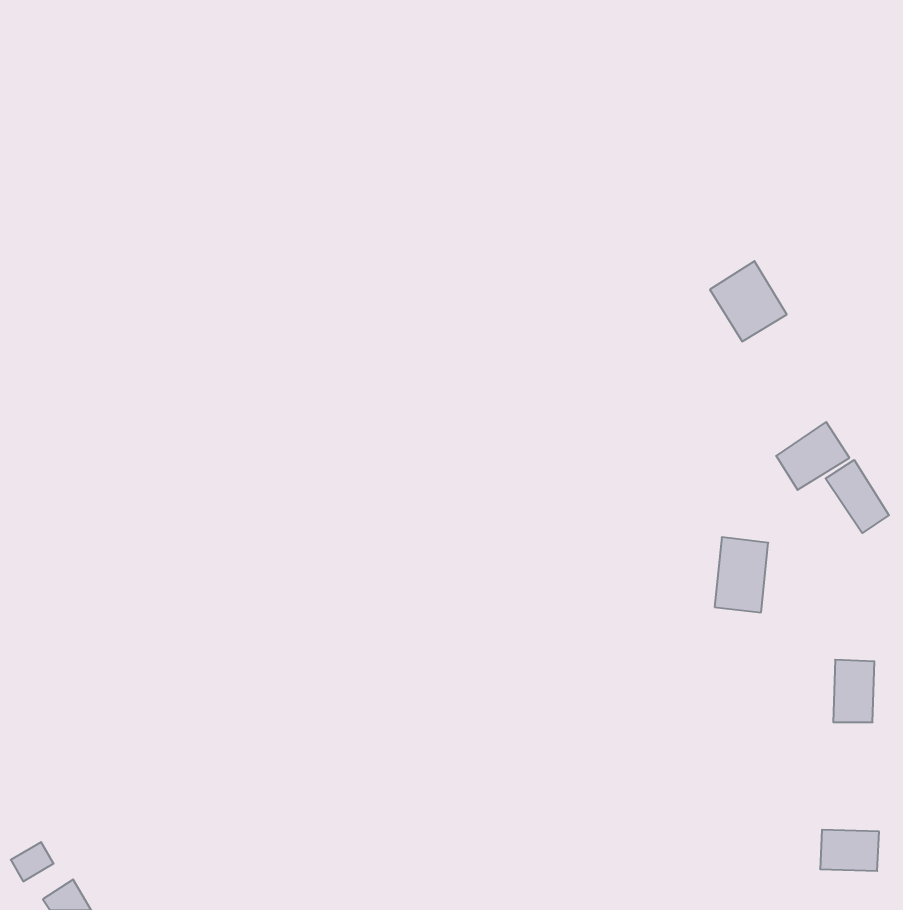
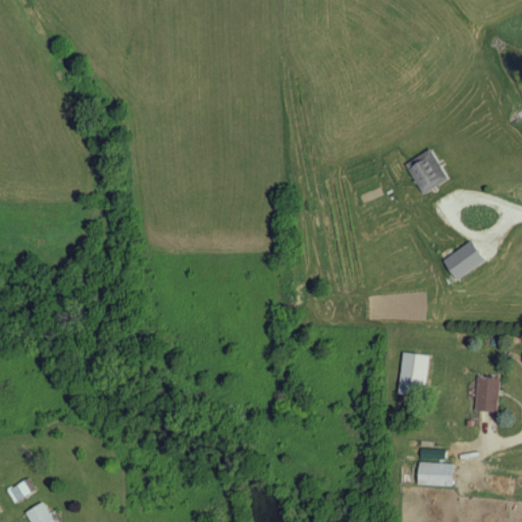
building: [826,460,889,533] -> none
building: [715,537,768,612] -> [398,353,428,396]
building: [820,830,879,871] -> [418,463,452,486]

